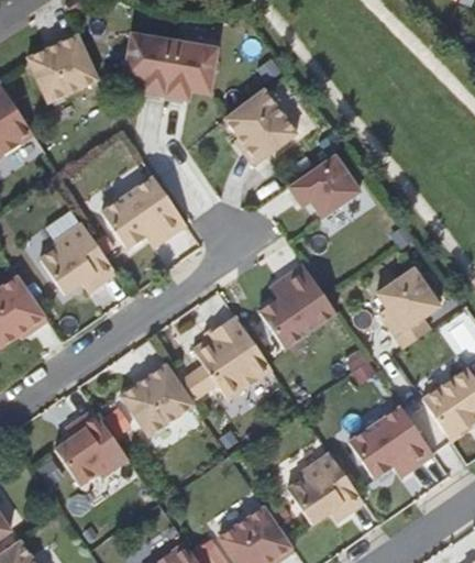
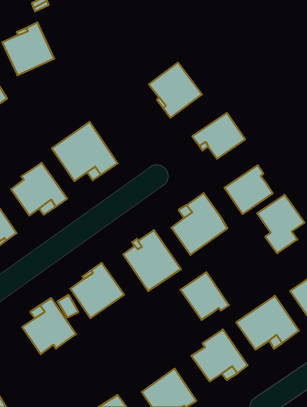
building: [122,33,217,99] -> none
building: none -> [224,165,273,214]
building: none -> [180,272,229,320]

